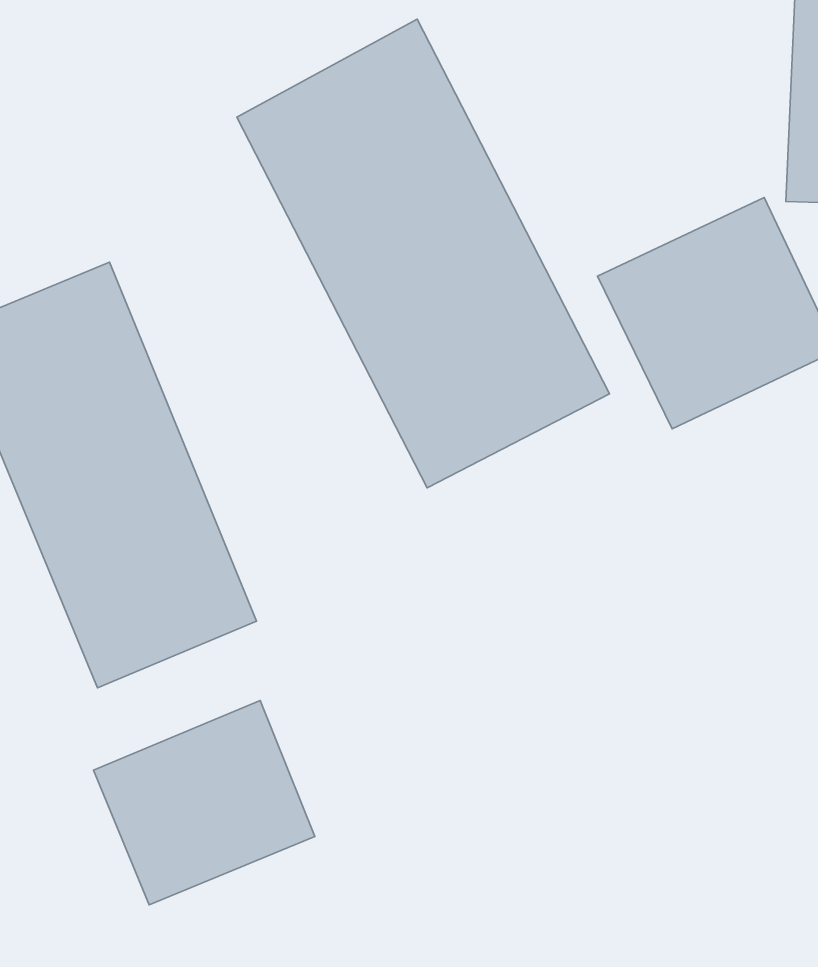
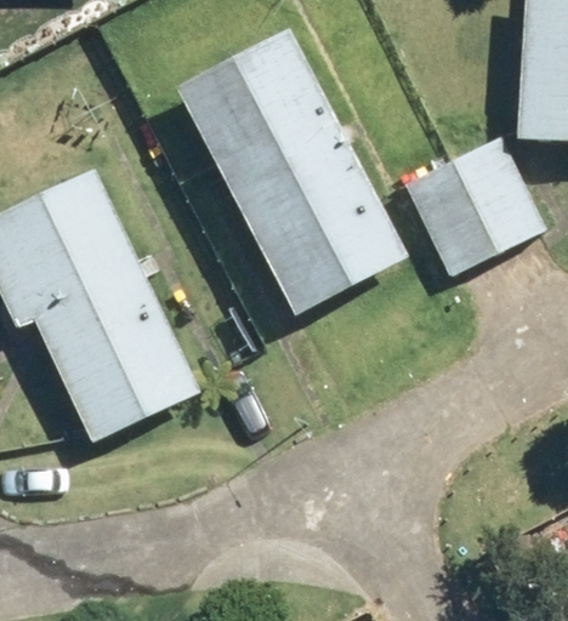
building: [93,700,315,905] -> none

